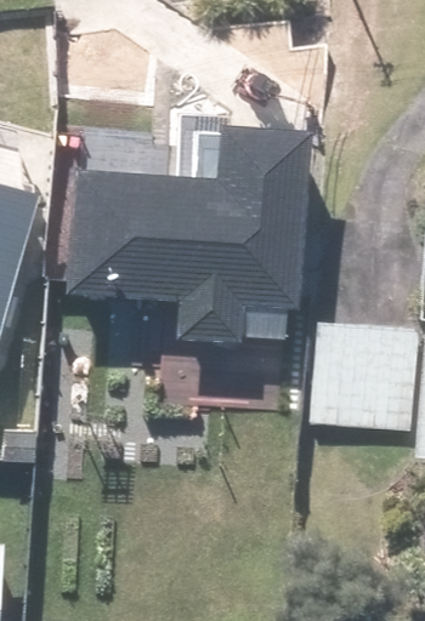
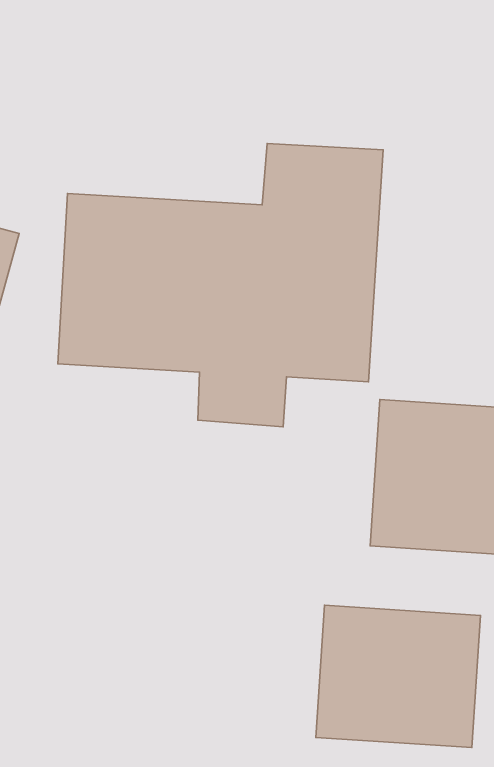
building: none -> [316,605,481,748]

